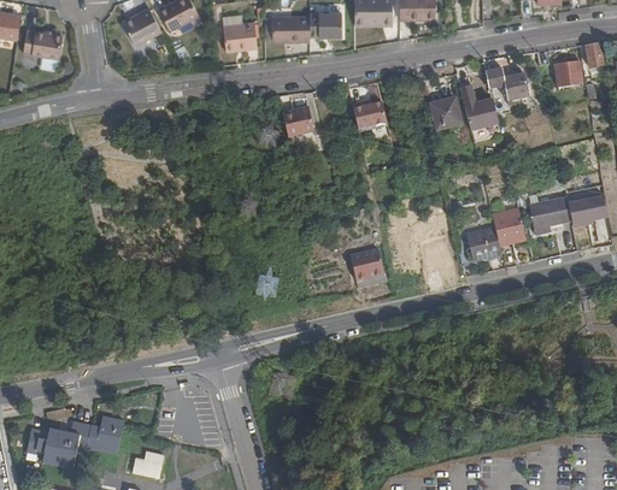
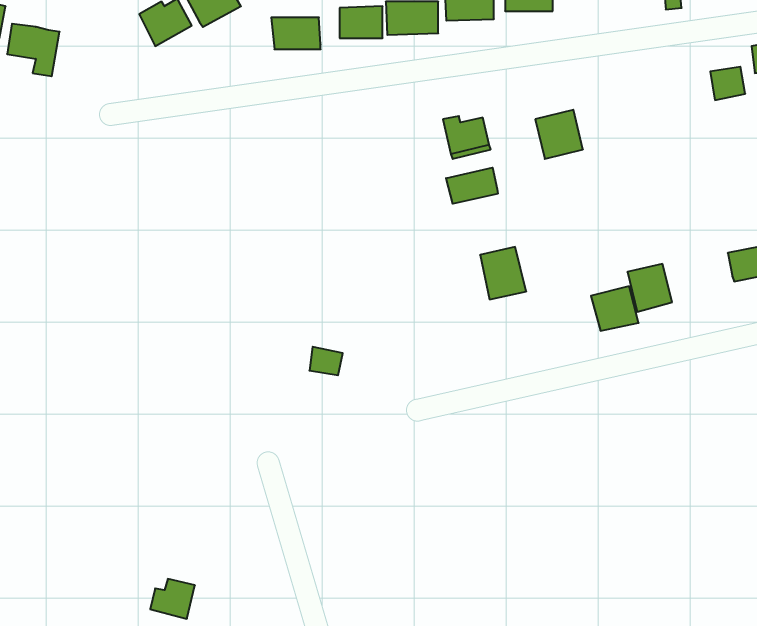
building: [487,59,529,104] -> none
building: [462,87,499,130] -> none
building: [282,107,312,134] -> none
building: none -> [446,168,498,204]
building: [529,195,571,228] -> none
building: [349,249,384,289] -> [480,247,526,299]
building: [30,414,124,468] -> none

